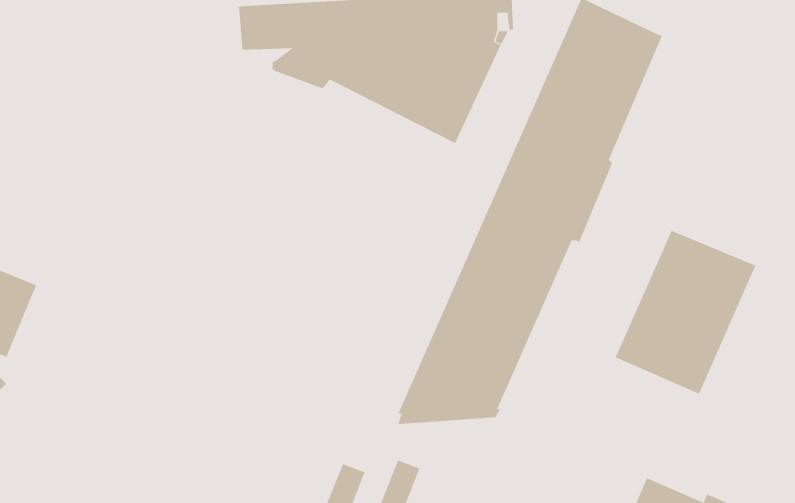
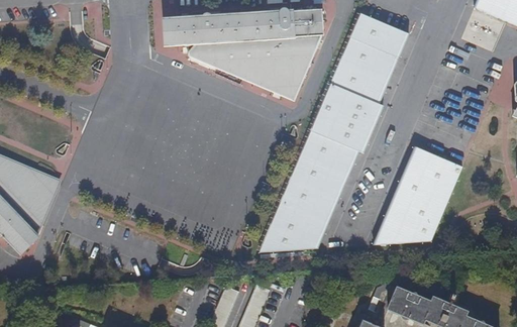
building: none -> [368,219,428,246]

